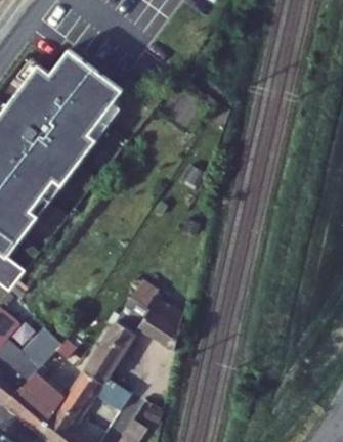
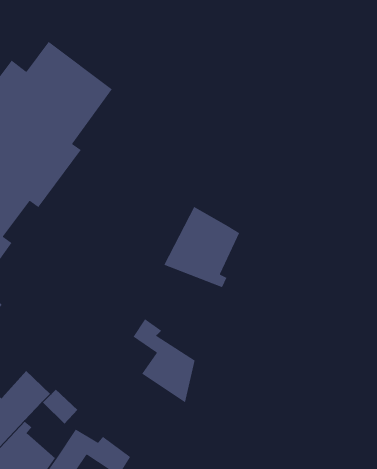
building: none -> [163,206,240,288]
building: [86,297,153,384] -> none

